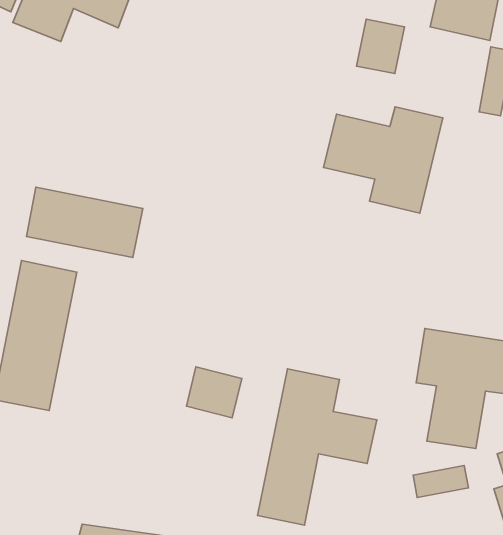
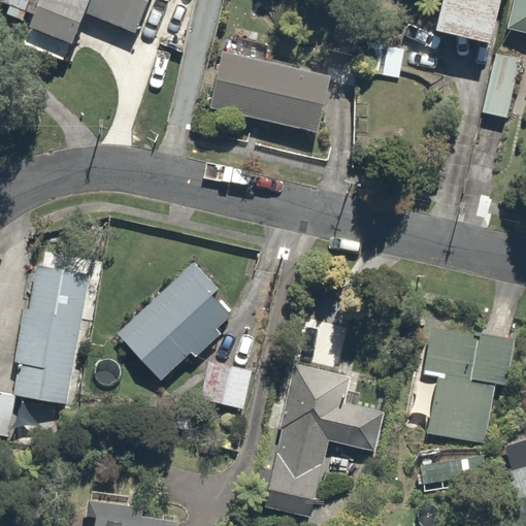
building: none -> [210,53,330,132]
building: [323,107,443,213] -> none
building: [26,187,143,258] -> none
building: none -> [116,261,237,381]

